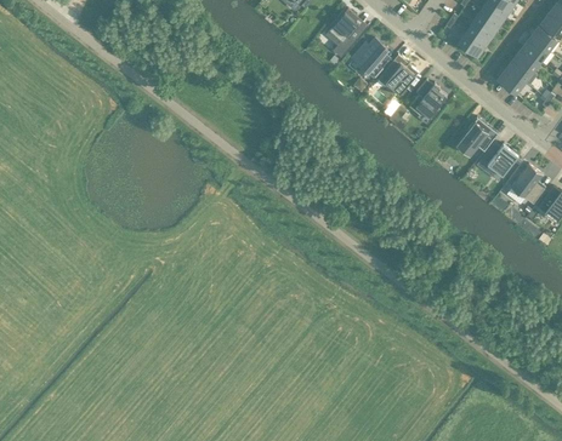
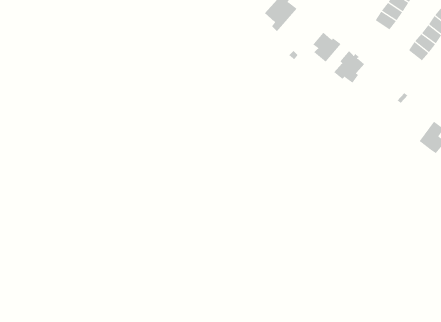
building: [352,39,386,79] -> none
building: [455,118,490,157] -> none
building: [476,143,517,177] -> none

